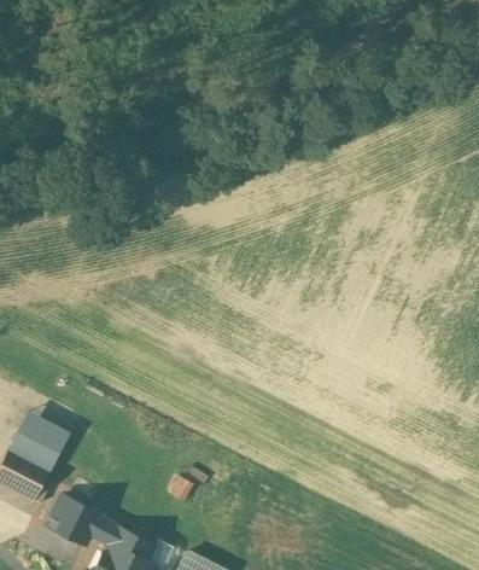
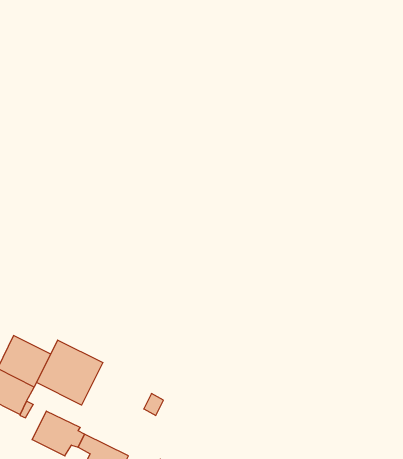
building: none -> [37,340,103,405]

